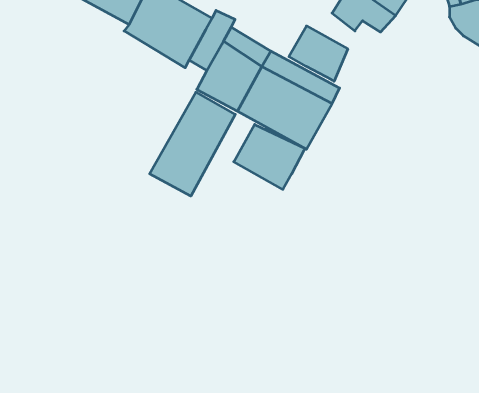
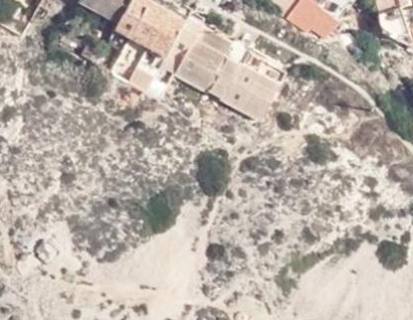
building: [289,26,348,81] -> none
building: [150,92,235,196] -> none
building: [234,124,305,189] -> none

